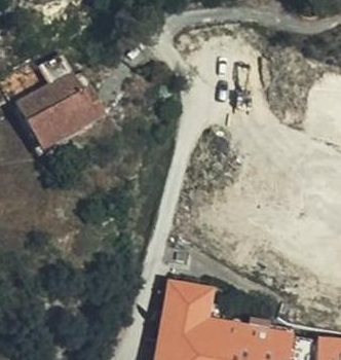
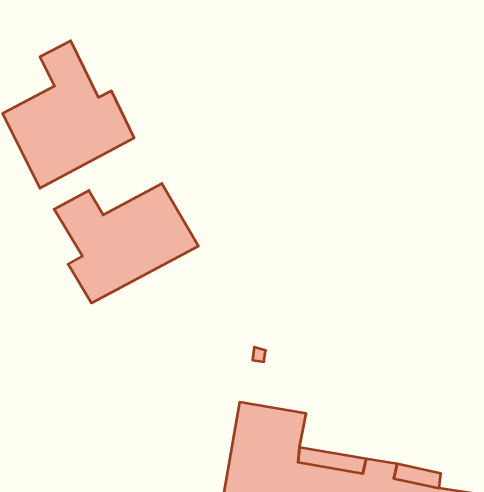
building: none -> [54,183,198,303]

